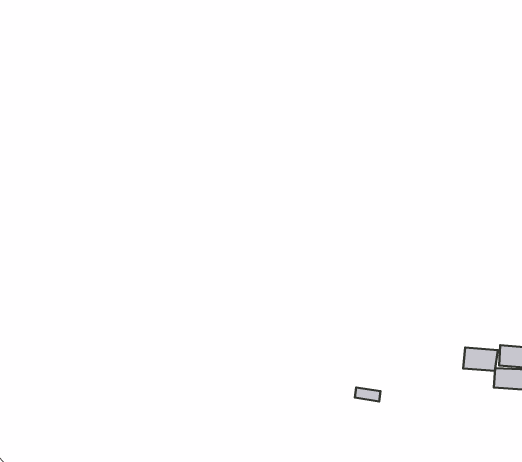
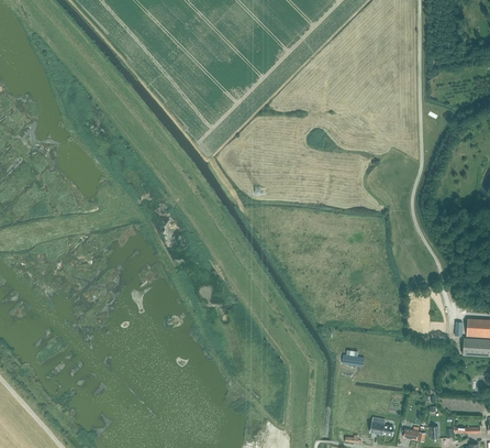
building: [463,347,498,371] -> none

